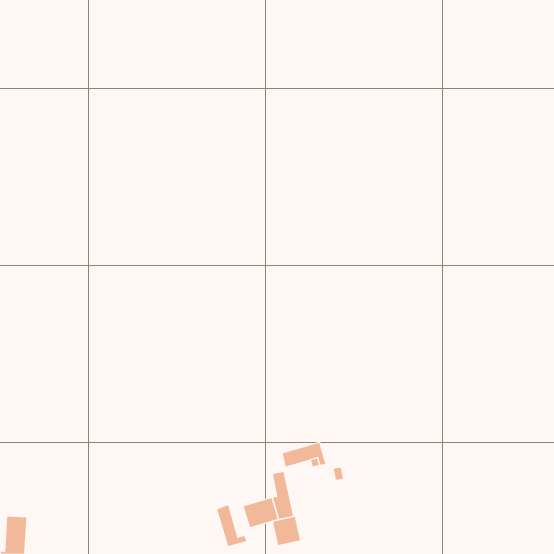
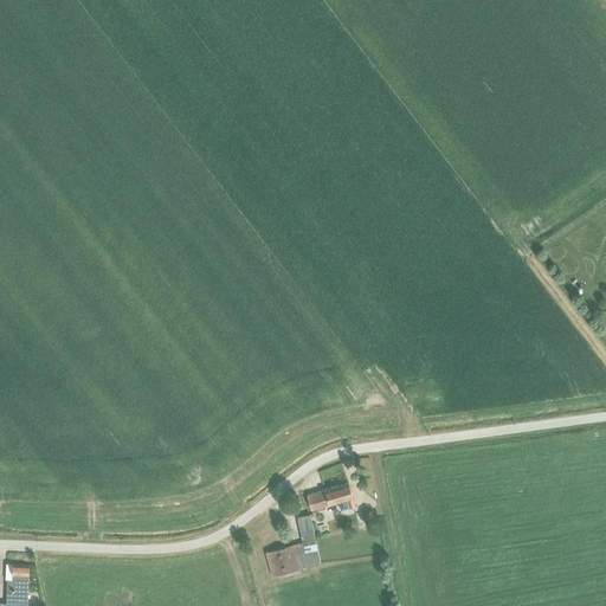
building: [216,504,247,547] -> none
building: [272,516,301,546] -> none

